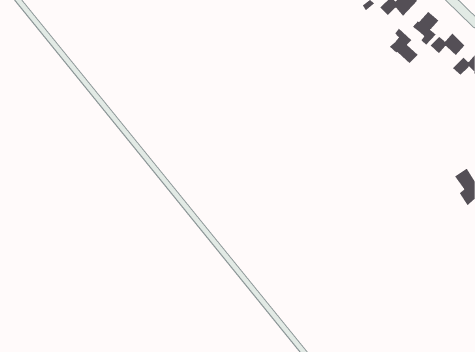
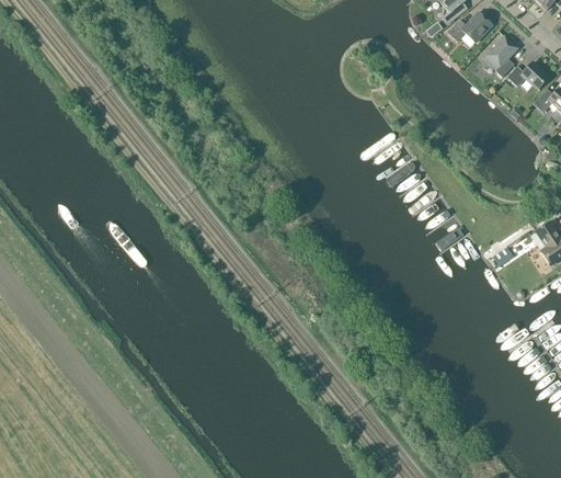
building: [389,28,419,64] -> none

